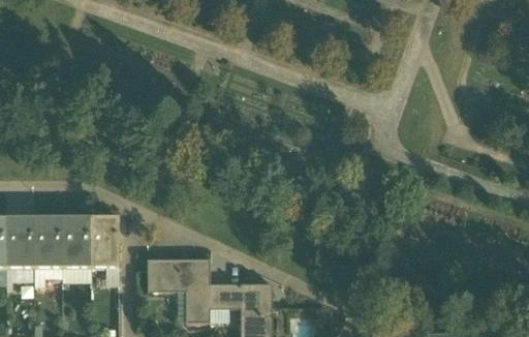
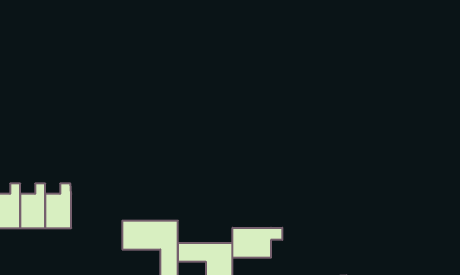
building: [89,218,117,268] -> none
building: none -> [233,228,282,258]

